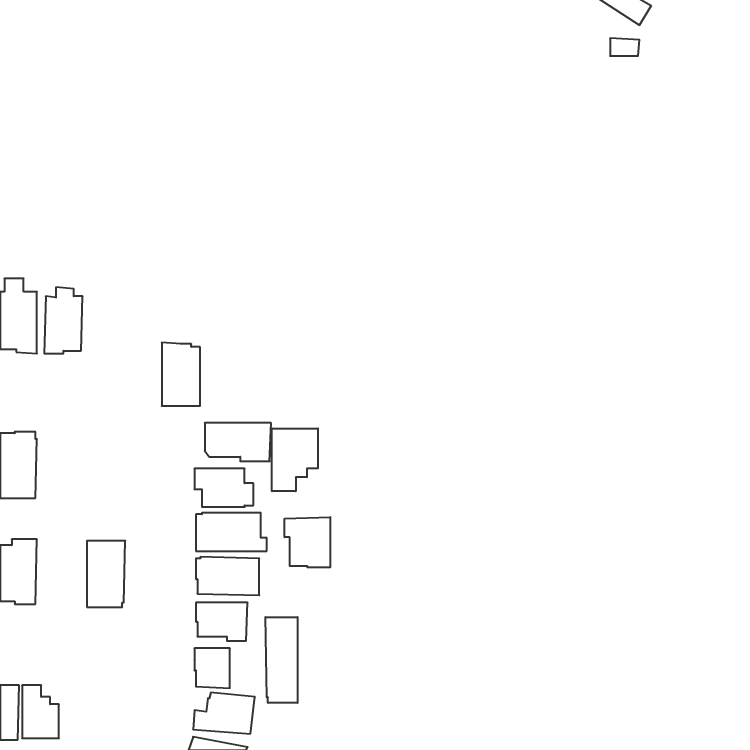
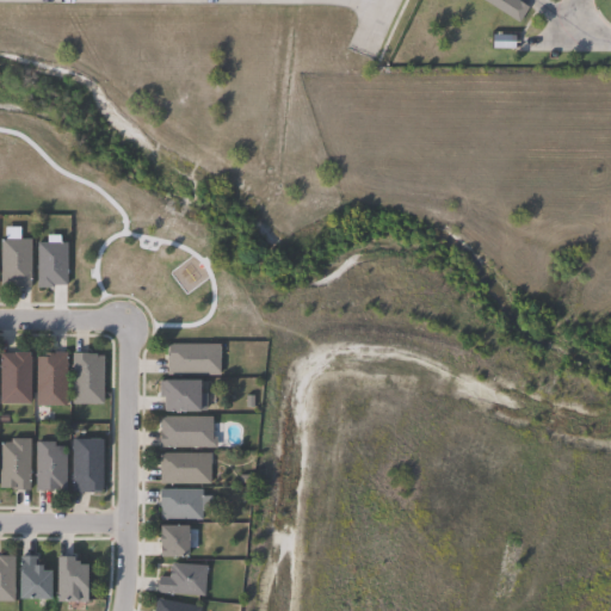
building: [162,343,200,406] -> [73,351,104,402]
building: [272,428,318,491] -> none
building: none -> [37,351,68,403]
building: [285,517,330,567] -> none
building: none -> [36,440,67,489]
building: [265,617,298,703] -> none
building: none -> [56,556,88,600]

